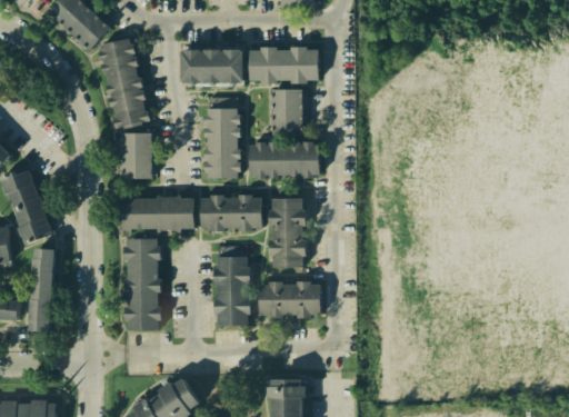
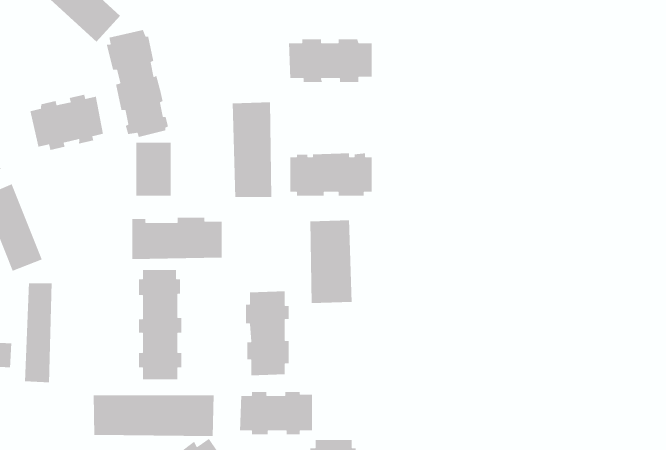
building: [182,49,244,82] -> none
building: [272,89,307,136] -> none
building: none -> [30,94,104,151]
building: [200,195,263,231] -> none
building: [259,281,320,318] -> [239,391,313,435]
building: none -> [93,395,214,437]

